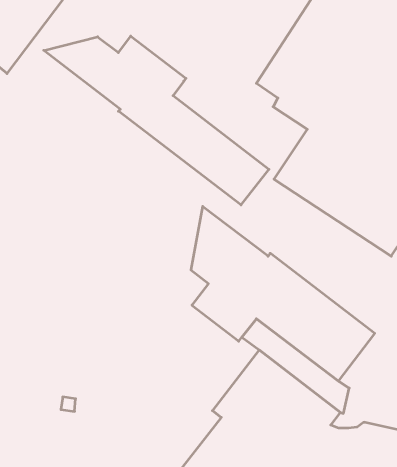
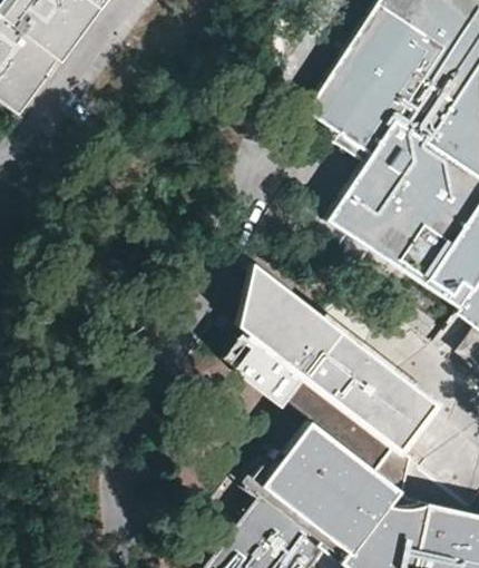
building: [44,36,269,205] -> none

